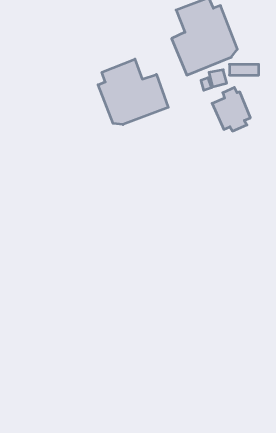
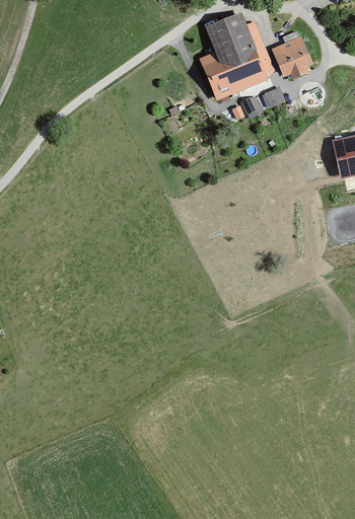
building: [98,59,168,125] -> none
building: [212,87,250,131] -> [270,30,313,80]

